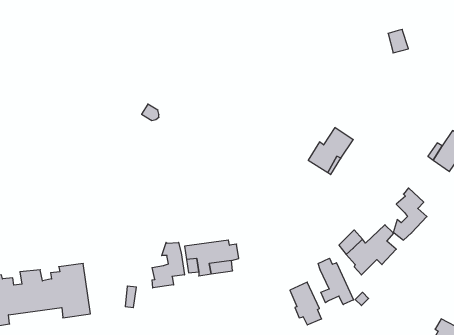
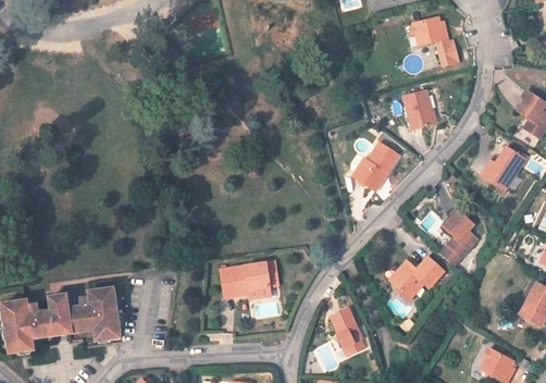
building: none -> [410,14,446,44]
building: none -> [402,89,434,129]
building: [152,242,184,288] -> none
building: [318,258,354,305] -> none

